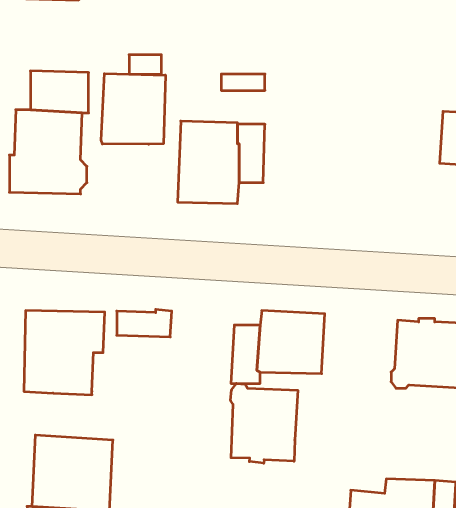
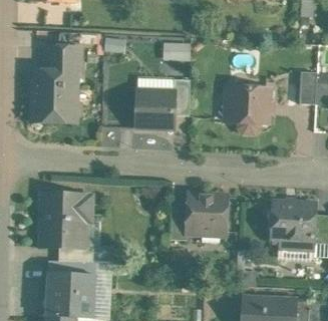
building: [101,74,165,144] -> none
building: none -> [226,86,268,133]
building: [117,309,172,337] -> [59,245,93,262]
building: [231,383,298,463] -> none

